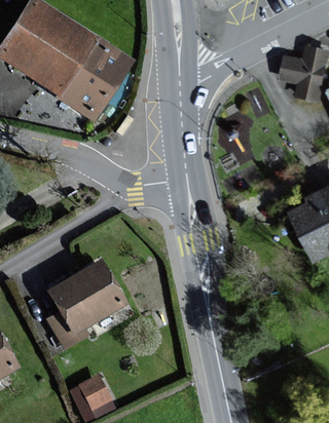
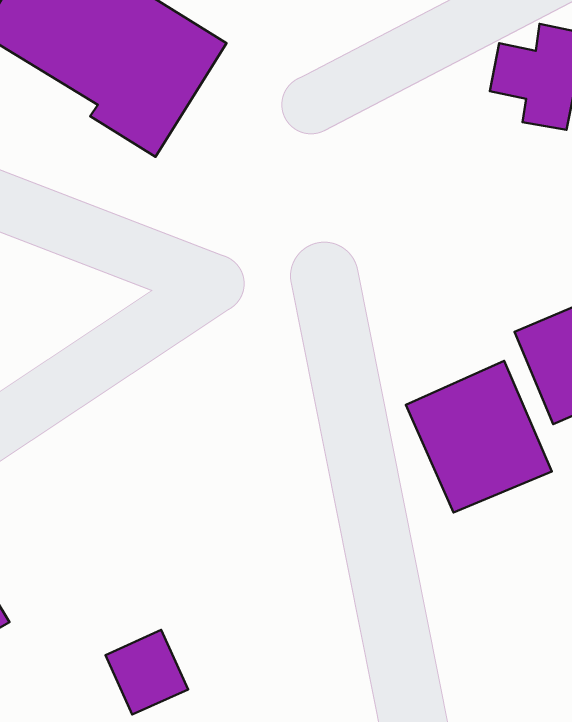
building: none -> [406,361,552,513]
building: [48,261,122,345] -> none

